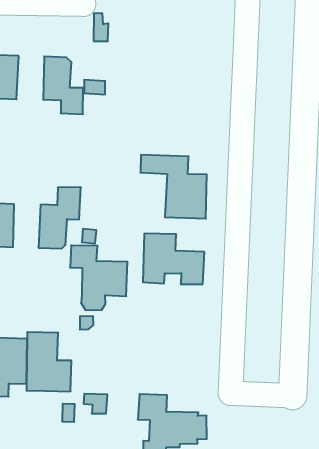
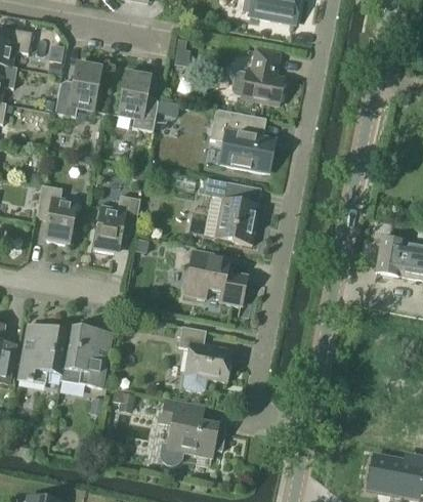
building: none -> [231,49,285,104]
building: none -> [210,109,272,172]
building: [70,245,128,310] -> [178,326,232,390]

